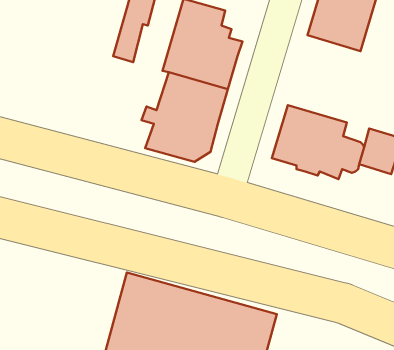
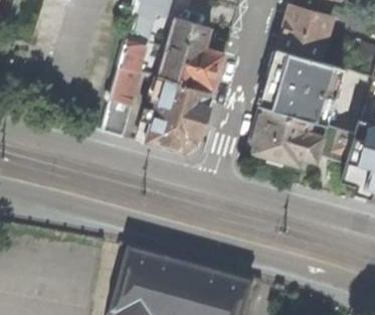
building: none -> [262,49,342,126]
building: none -> [102,66,142,136]

